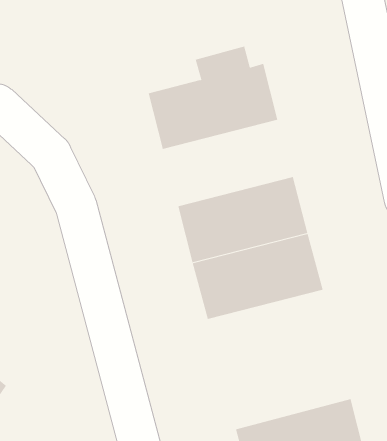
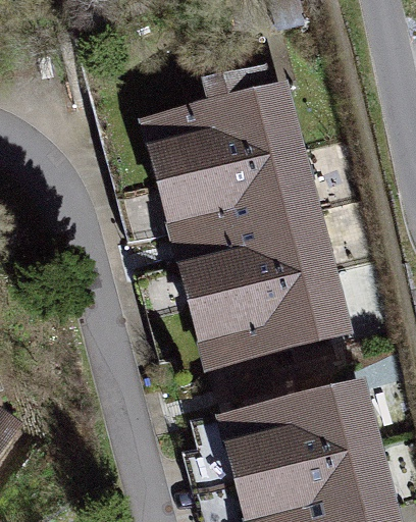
building: none -> [174,153,314,245]
building: none -> [236,389,375,481]

